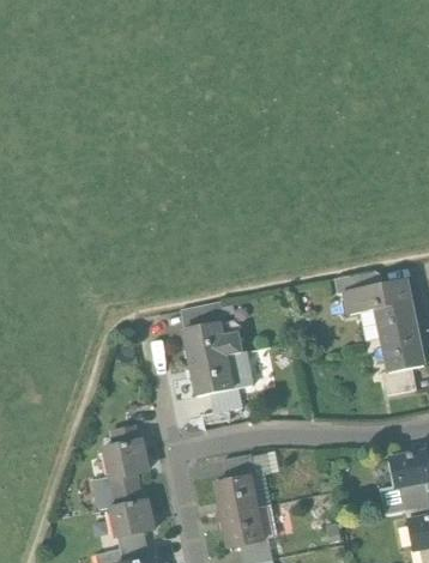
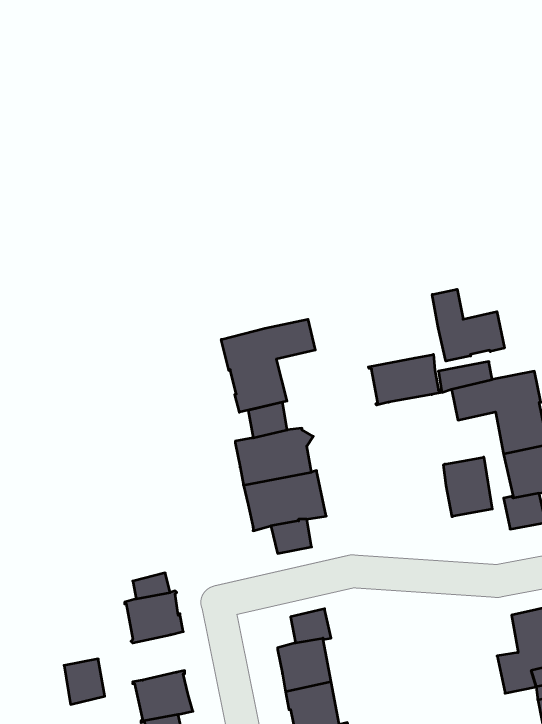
building: none -> [432,289,504,361]
building: none -> [221,319,315,412]
building: none -> [368,354,442,405]
building: none -> [444,457,492,517]
building: [111,473,141,507] -> [64,659,105,704]

